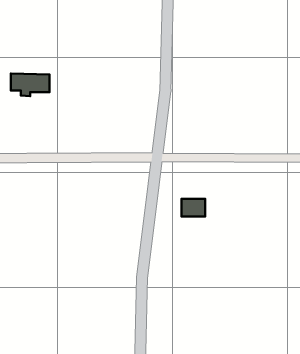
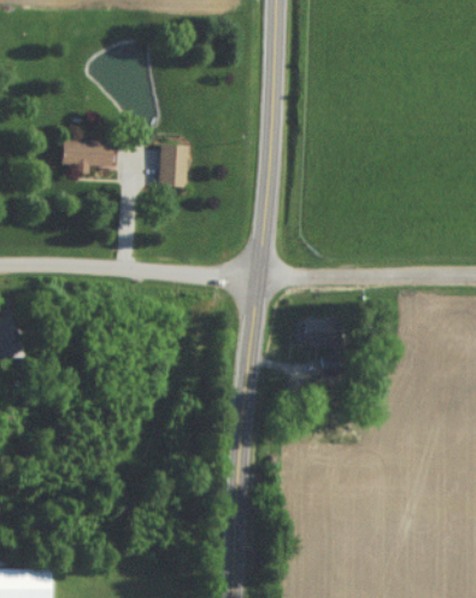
building: none -> [160,143,189,186]

